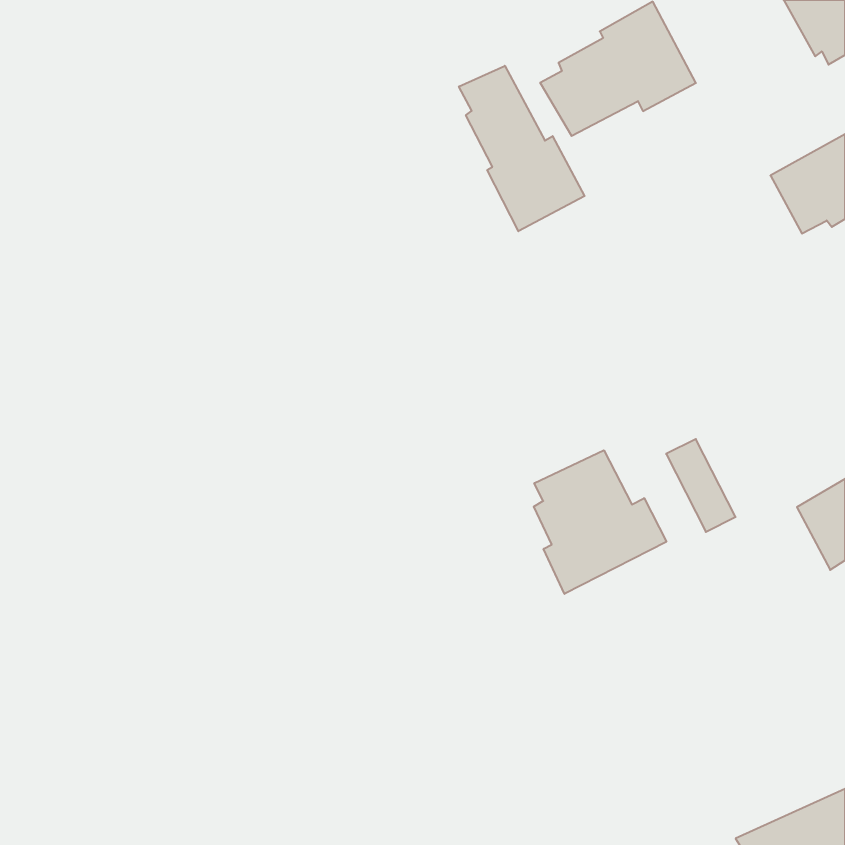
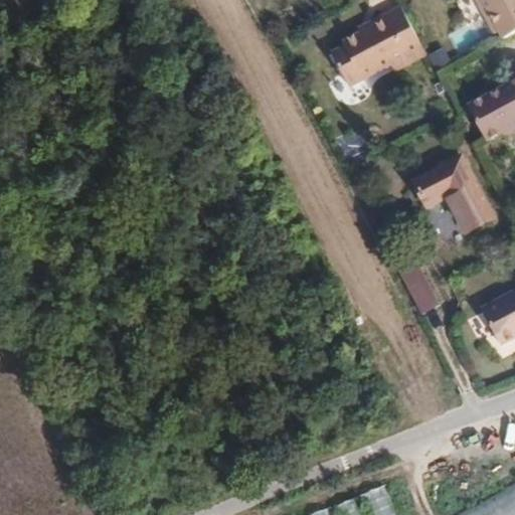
building: [459,66,585,231] -> none
building: none -> [421,164,501,239]
building: [534,450,666,594] -> none

